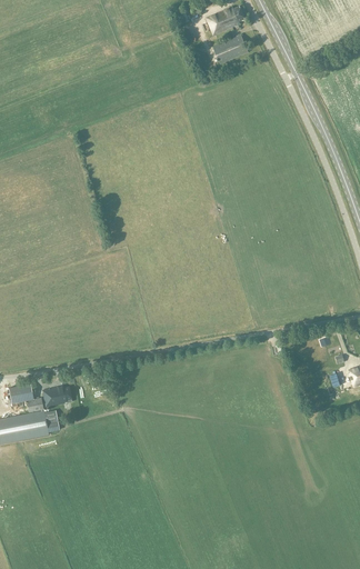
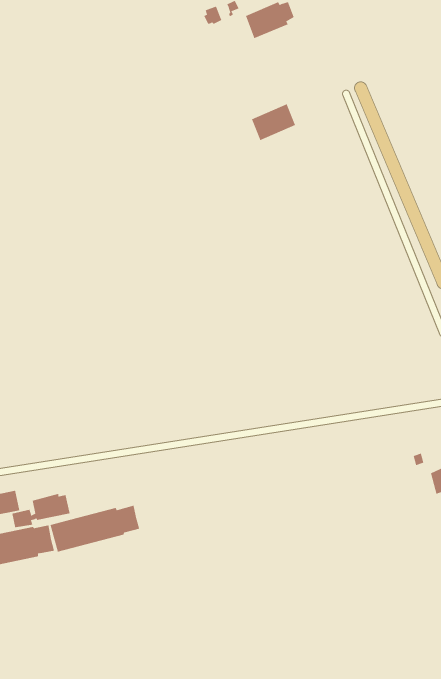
building: [213,34,248,63] -> [251,103,296,141]
building: none -> [50,505,140,552]

